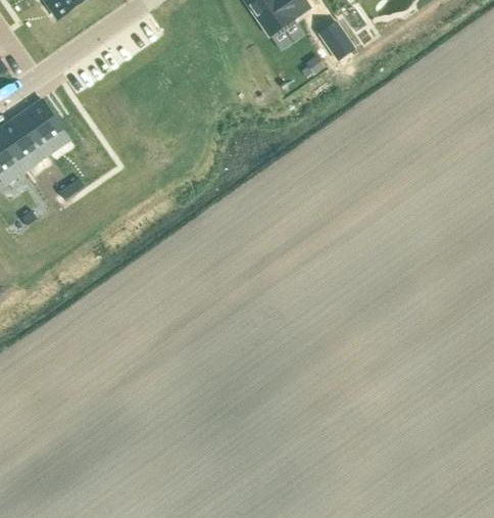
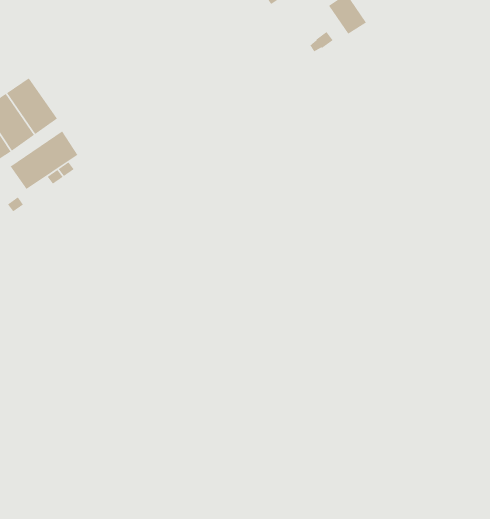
building: none -> [10,130,78,190]

